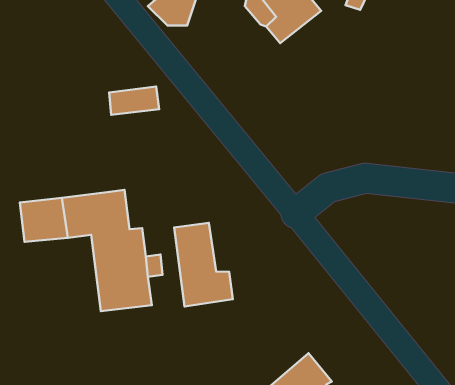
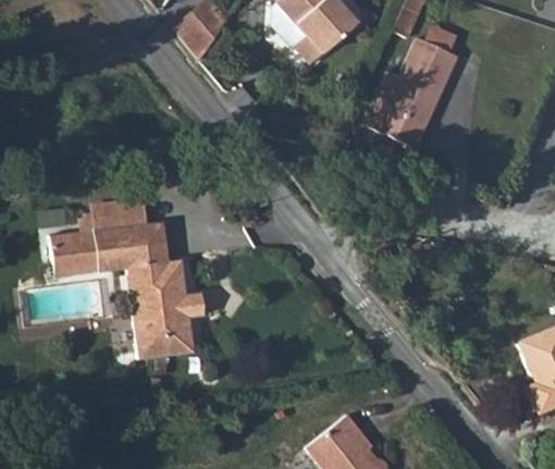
building: none -> [367,29,462,139]
building: [109,87,159,115] -> [79,201,135,233]
building: [174,223,233,306] -> none

